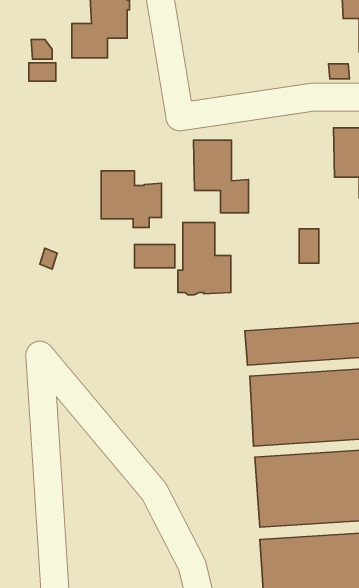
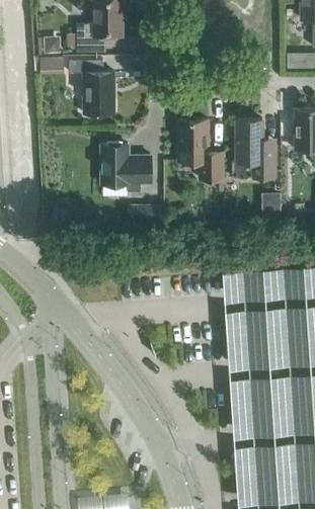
building: none -> [70,59,114,112]
building: [178,222,231,295] -> [232,118,275,178]

